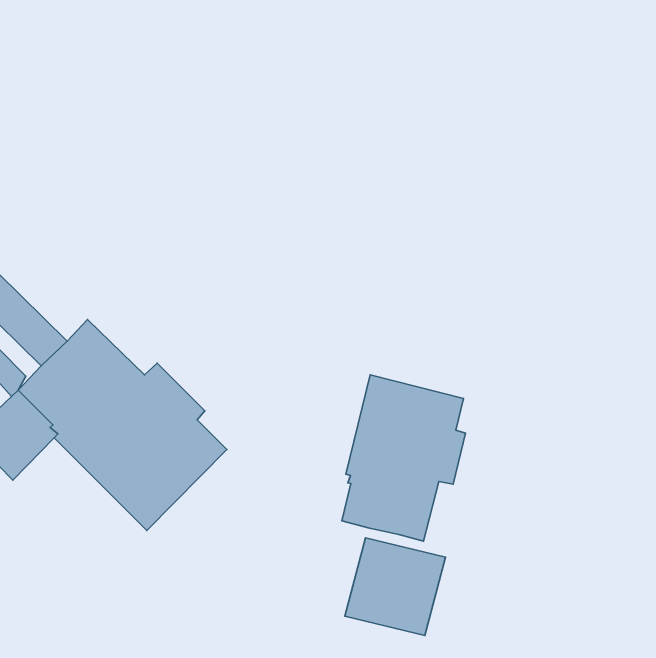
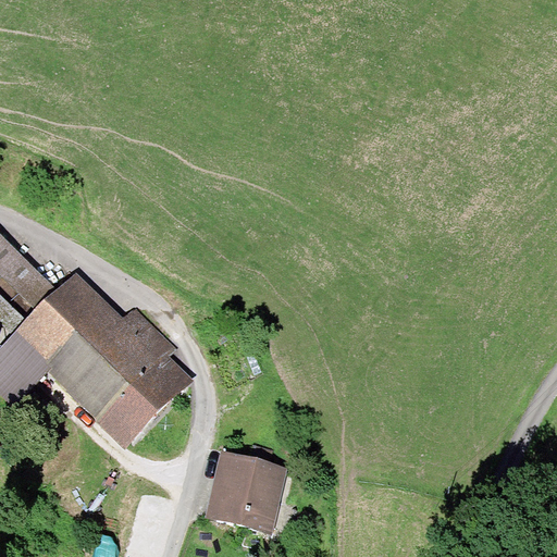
building: [342,375,465,541] -> none
building: [345,538,446,636] -> [202,450,287,533]

